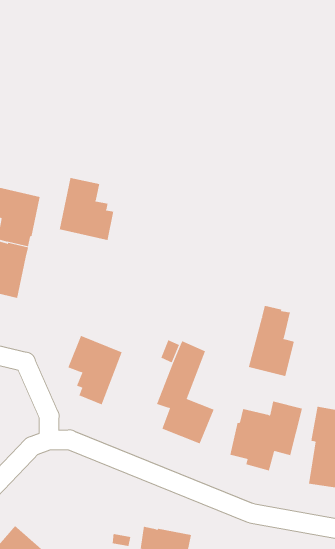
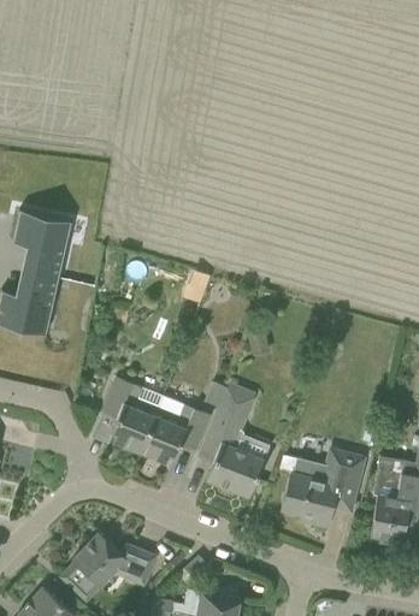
building: [59,177,114,241] -> none
building: [248,305,295,377] -> none
building: none -> [140,395,211,464]
building: none -> [58,532,157,603]

